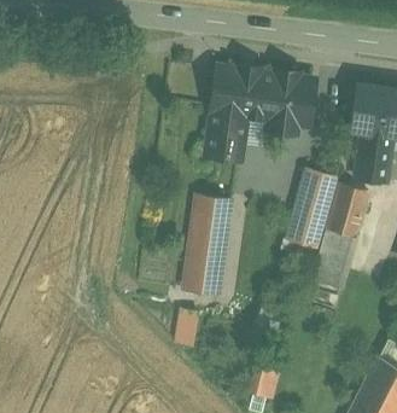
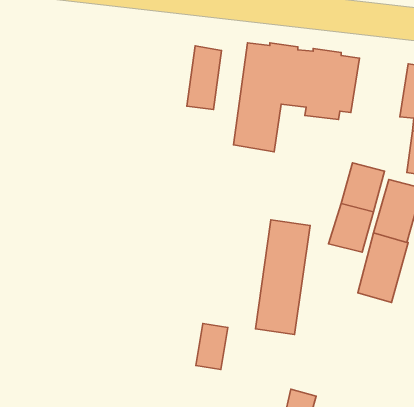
building: none -> [187,46,221,109]
building: [182,196,229,295] -> [255,220,310,334]

